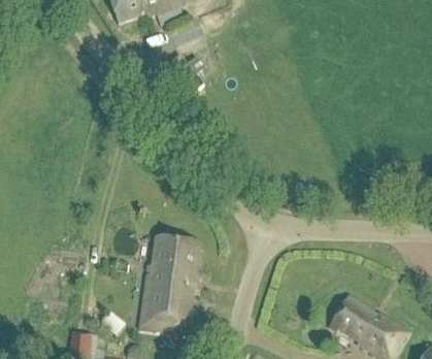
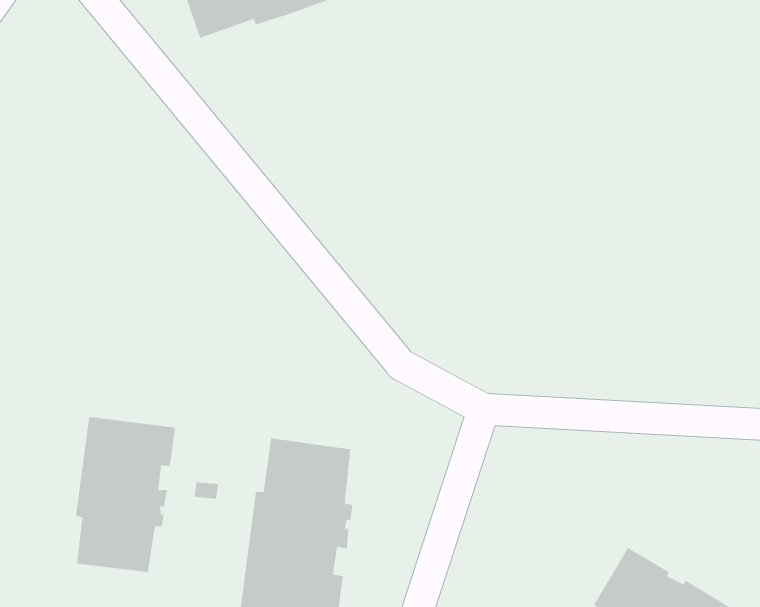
building: none -> [75,416,176,573]

